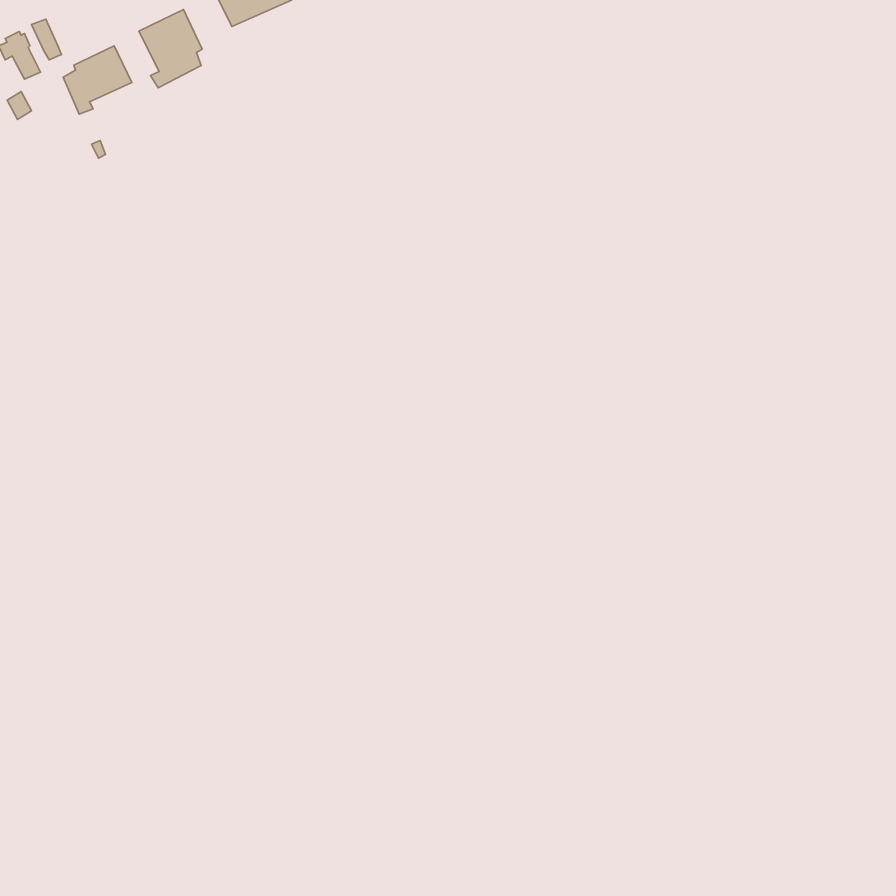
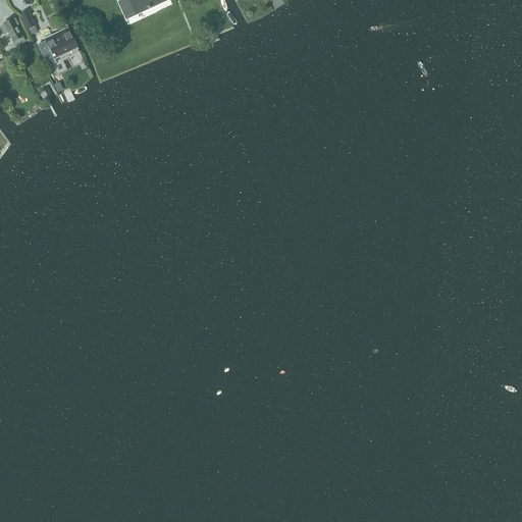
building: [139,10,202,88] -> none

